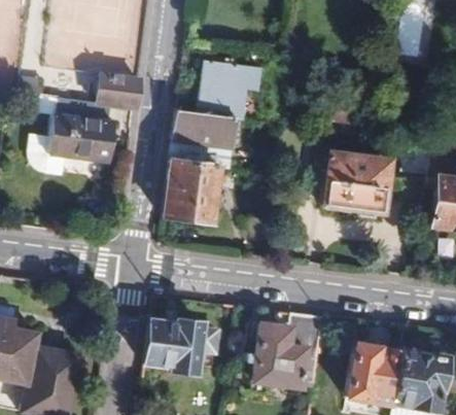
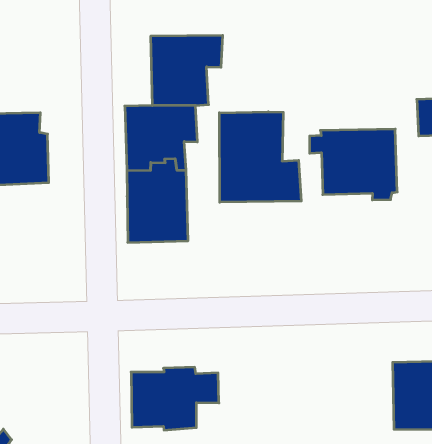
building: [98,75,141,109] -> none
building: none -> [219,112,301,202]
building: [254,313,322,387] -> none

